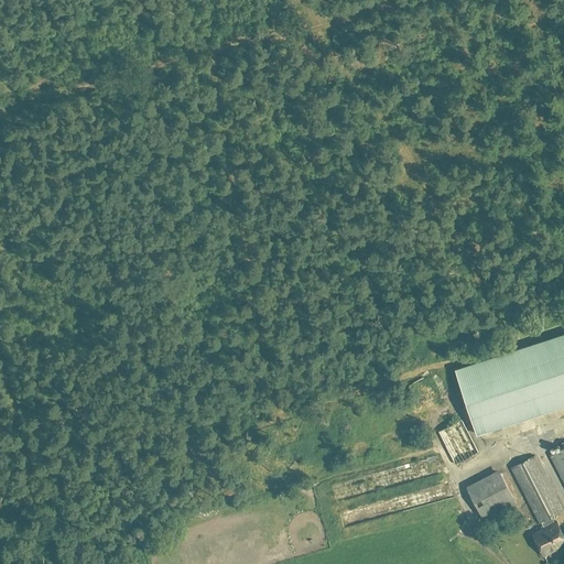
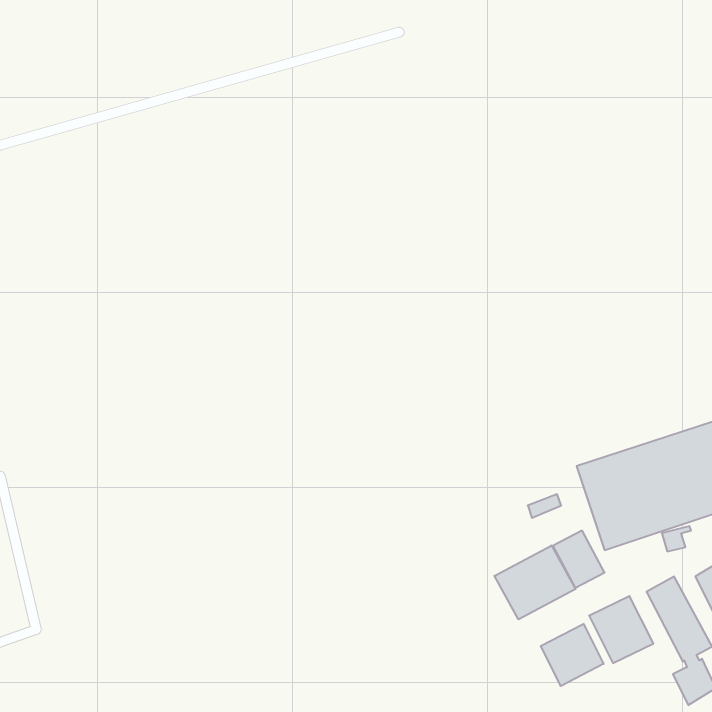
building: none -> [494,545,576,619]
building: none -> [541,624,604,686]

